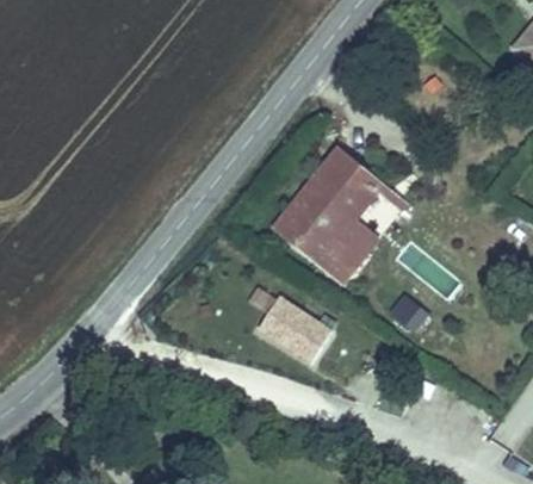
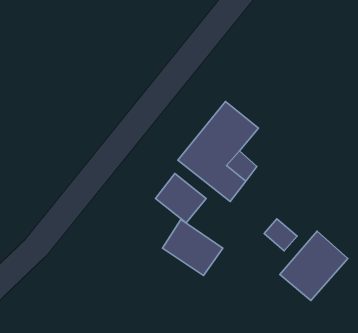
building: none -> [156,174,206,223]
building: none -> [280,231,348,301]

